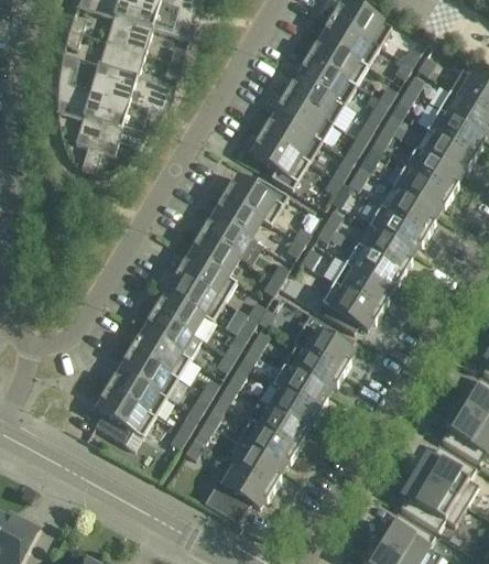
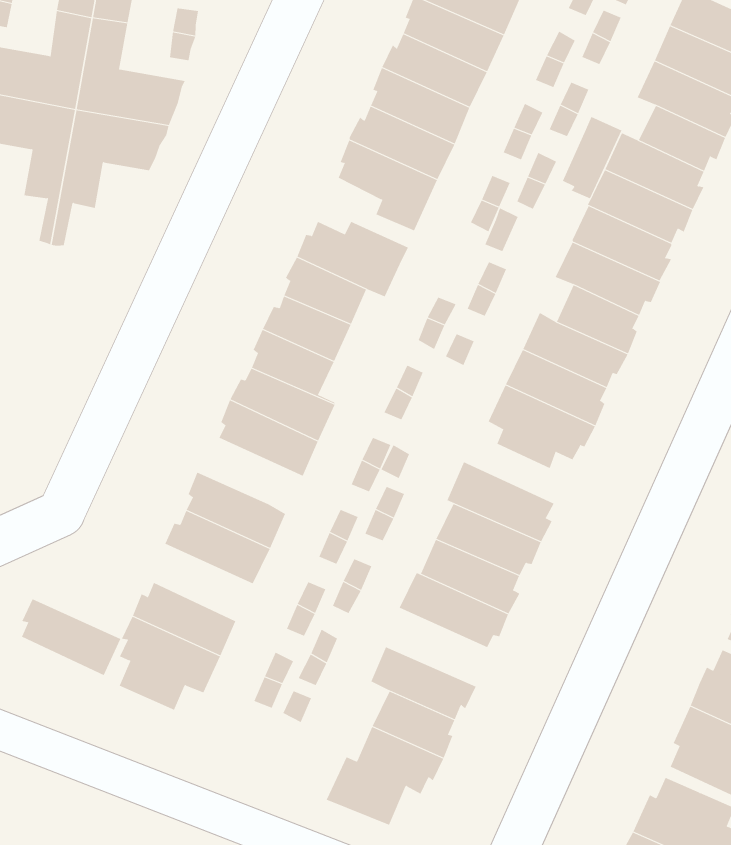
building: none -> [562,116,622,199]
building: [153,292,213,339] -> none
building: [121,348,177,397] -> [21,599,121,676]
building: [246,400,305,449] -> none

